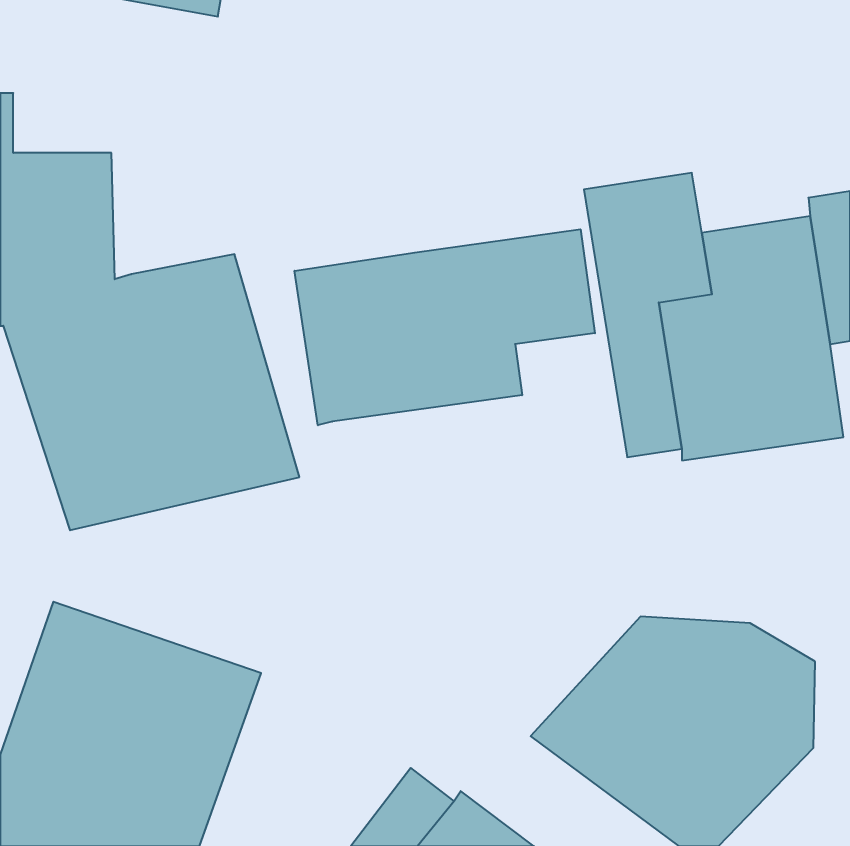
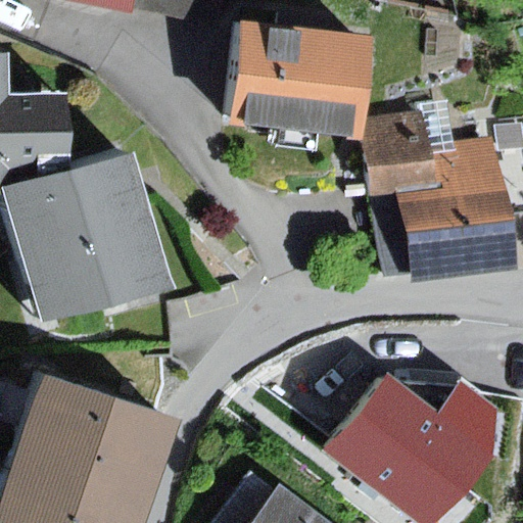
building: none -> [220,9,359,138]
building: [295,229,595,425] -> none

